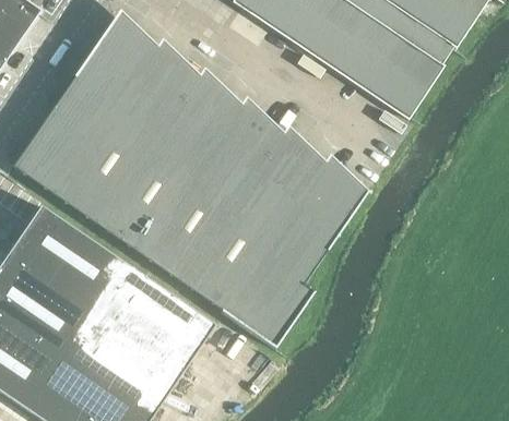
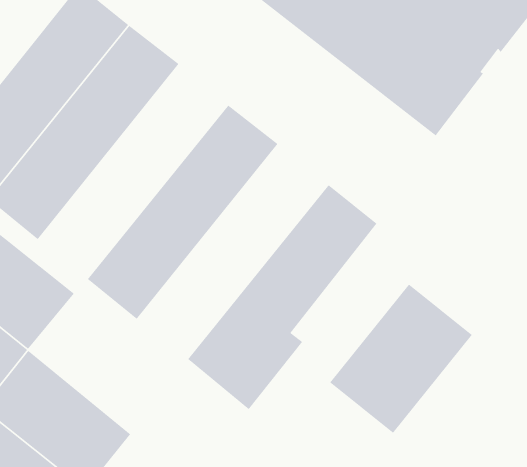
building: [96,73,240,251] -> none
building: [180,131,325,309] -> none
building: none -> [329,284,473,434]
building: [95,263,216,372] -> none

